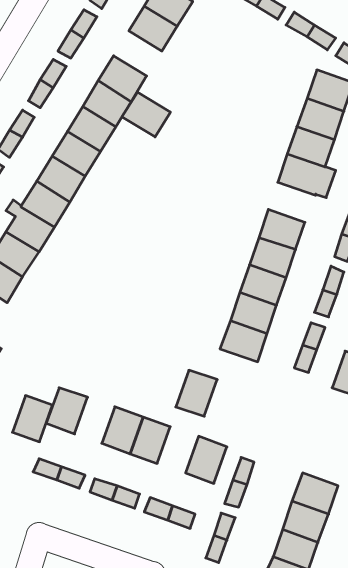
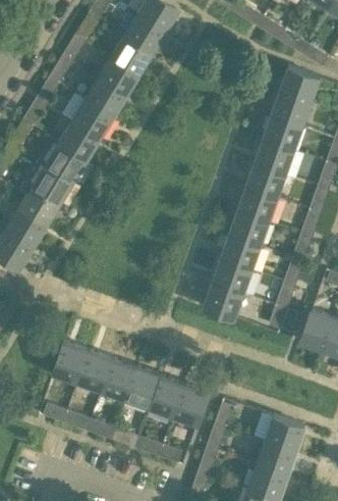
building: [122,92,170,137] -> [111,35,153,73]
building: none -> [244,165,285,200]
building: [176,370,217,416] -> [149,377,184,416]
building: [12,396,53,442] -> [77,351,112,391]

